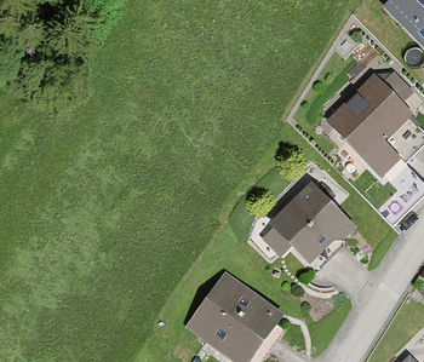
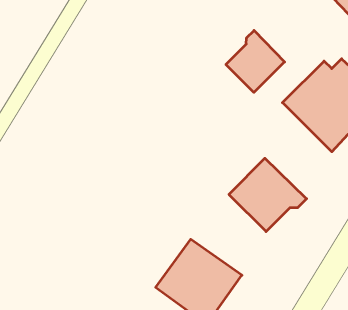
building: none -> [226,30,285,92]

